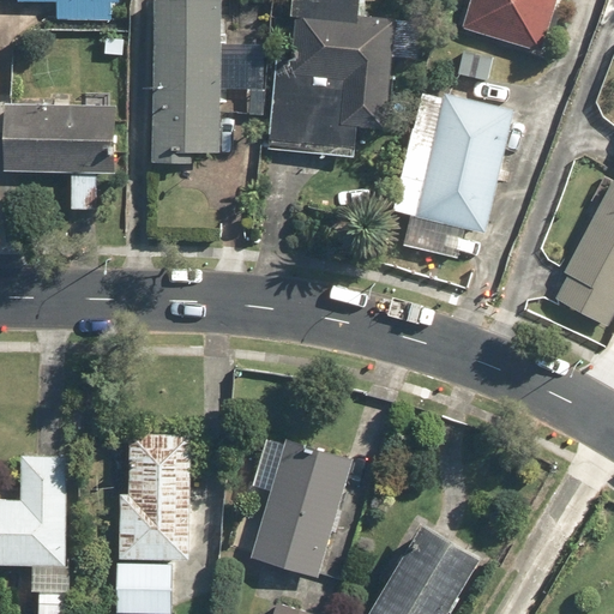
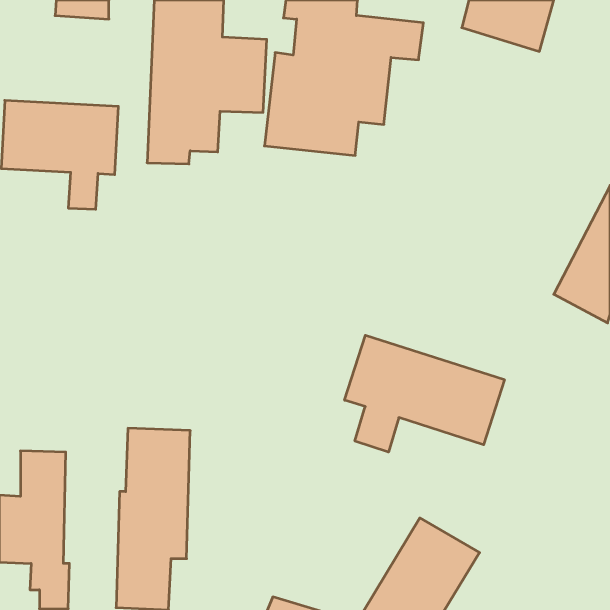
building: [393,49,513,253] -> none
building: none -> [345,335,504,452]
building: [248,439,353,576] -> none

